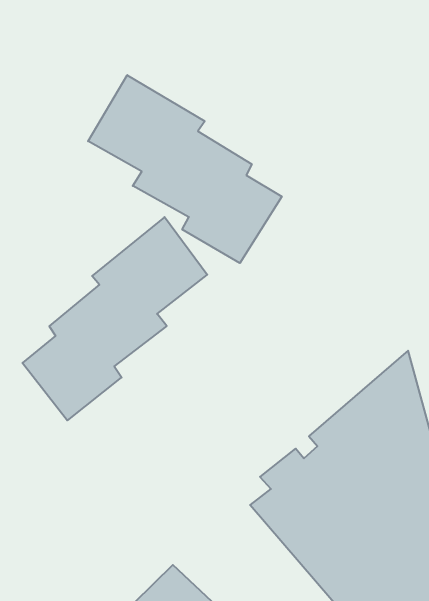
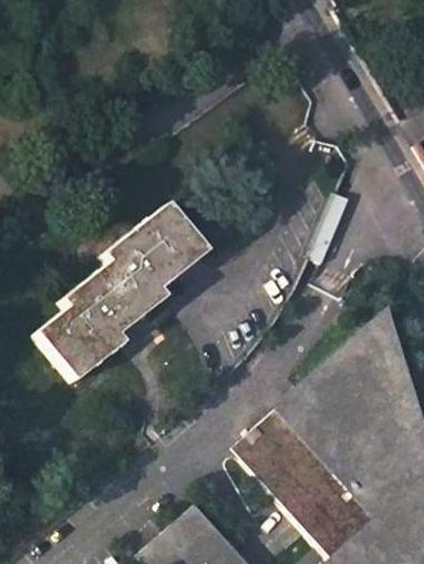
building: [88,75,282,263] -> none

